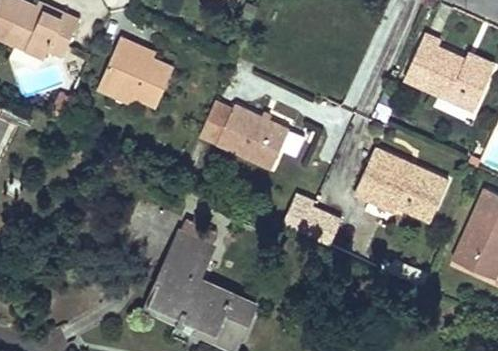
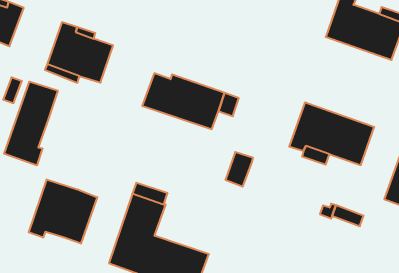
building: none -> [4,82,58,165]
building: none -> [29,179,97,244]
building: [300,208,341,246] -> none

